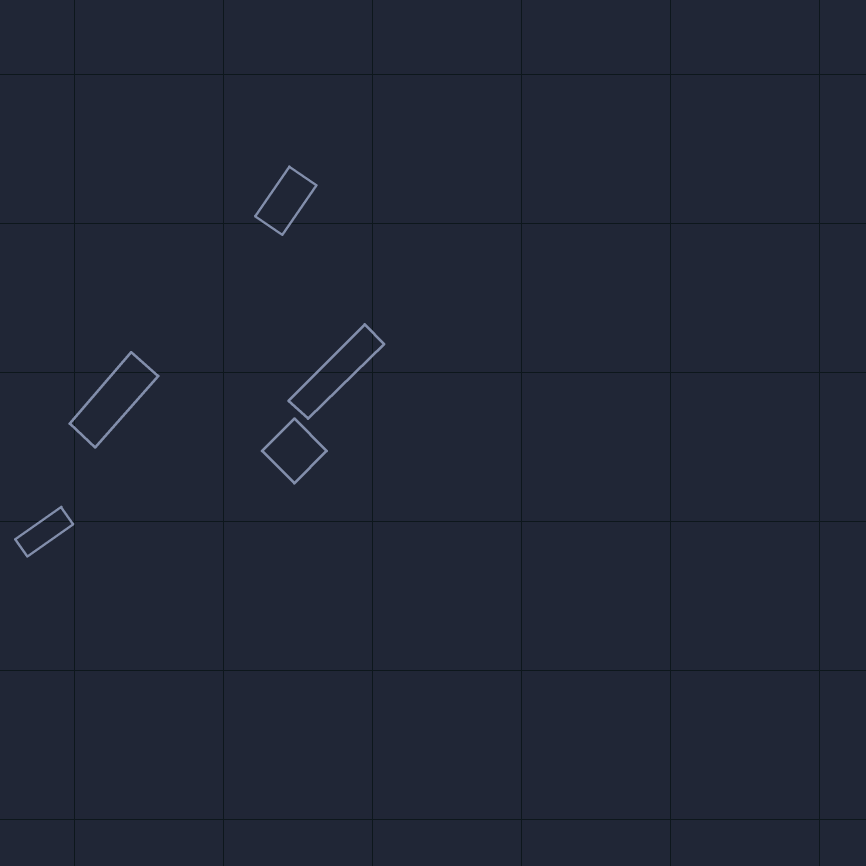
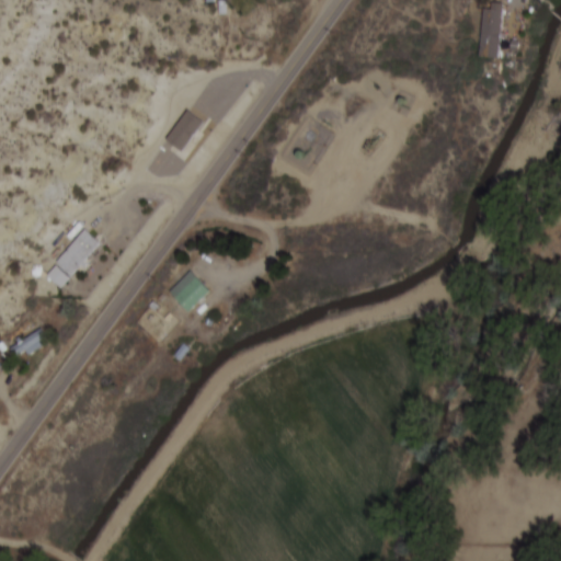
building: none -> [480,4,501,58]
building: [289,324,384,419] -> none

